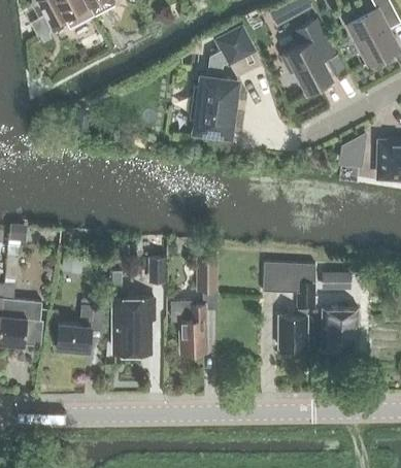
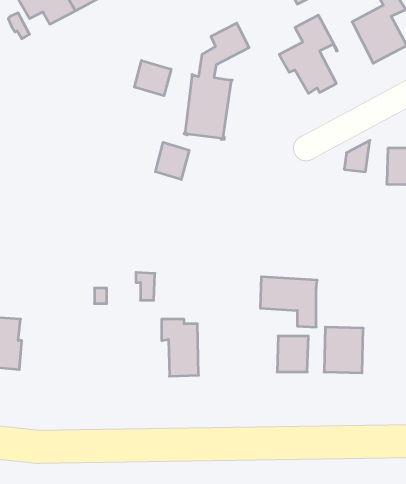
building: none -> [134,60,171,96]
building: none -> [155,142,189,180]
building: [197,258,216,290] -> none
building: [322,272,352,290] -> none
building: [114,299,154,355] -> none
building: [56,306,105,353] -> none

